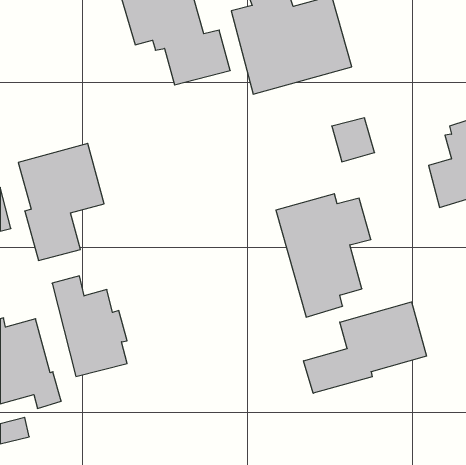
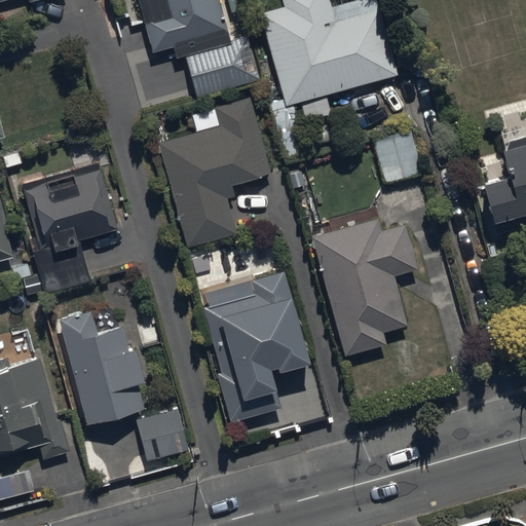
building: none -> [159,98,270,247]
building: none -> [203,271,309,421]
building: [304,302,427,393] -> none
building: none -> [137,407,189,459]

